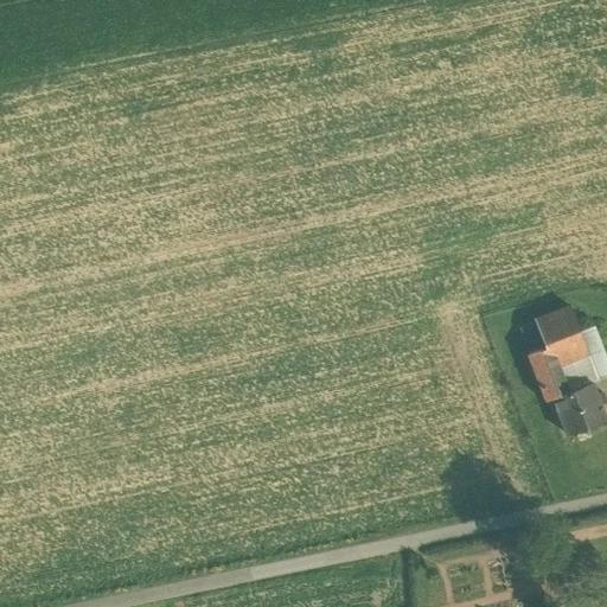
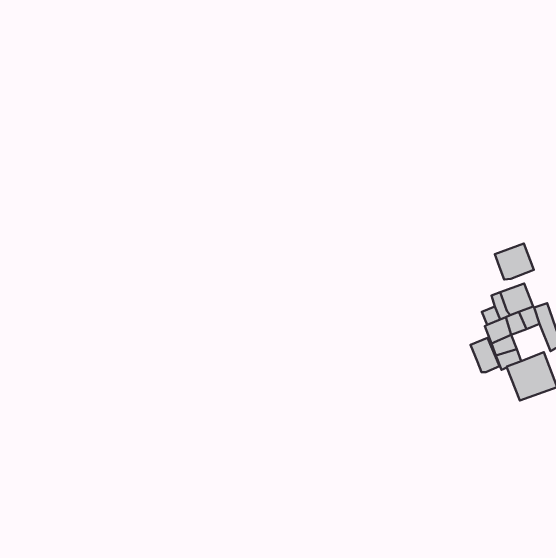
building: none -> [495,244,534,280]
building: none -> [470,338,500,372]

